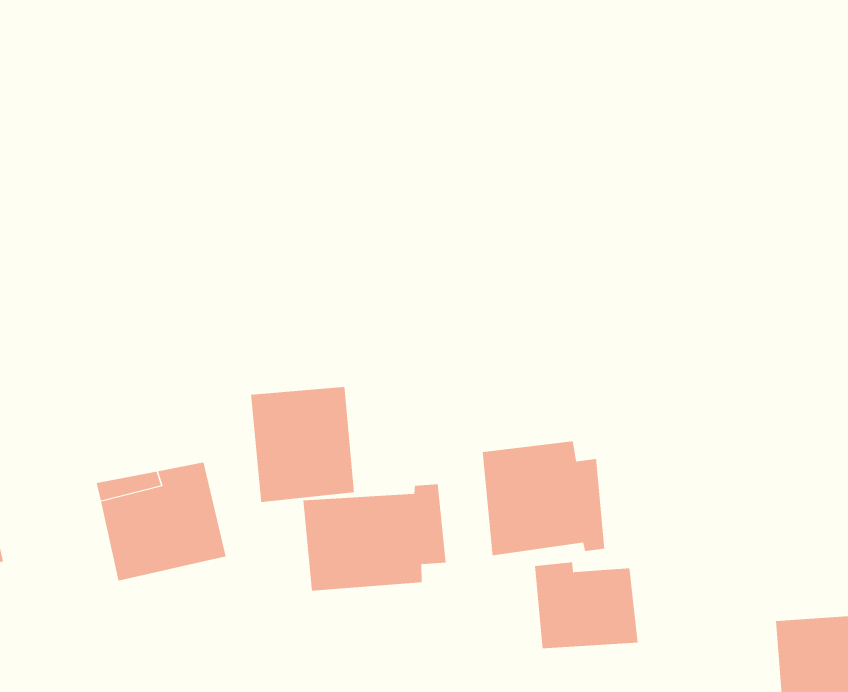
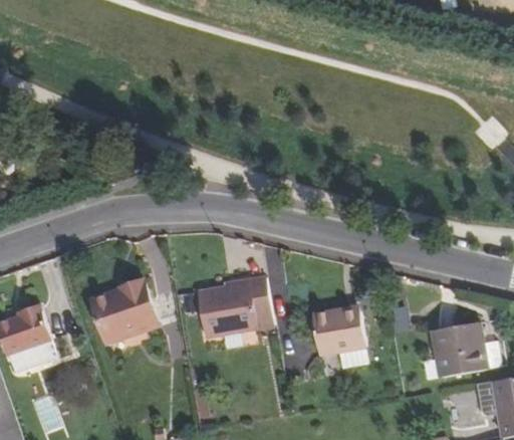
building: [250,386,355,503] -> none
building: [482,440,605,556] -> none

